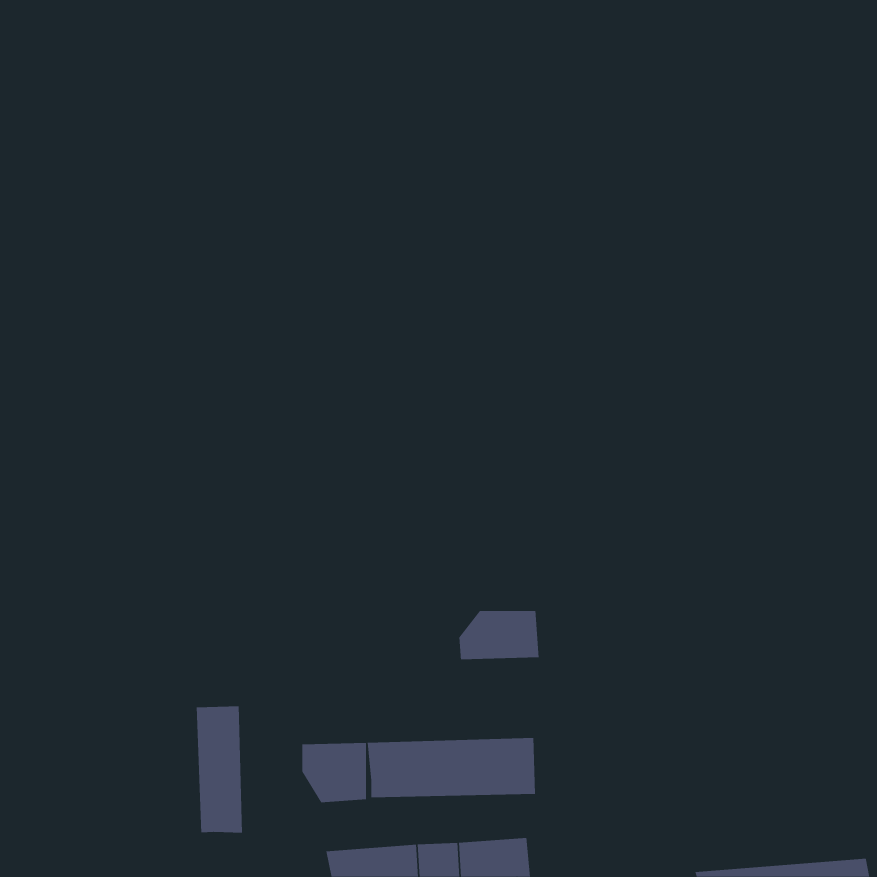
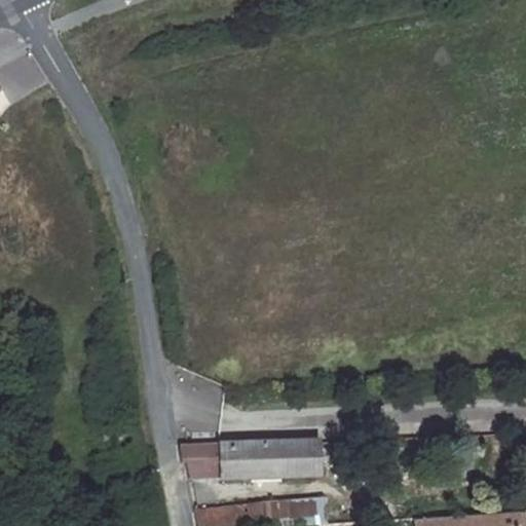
building: [459,610,539,660] -> none
building: [196,706,242,833] -> none

